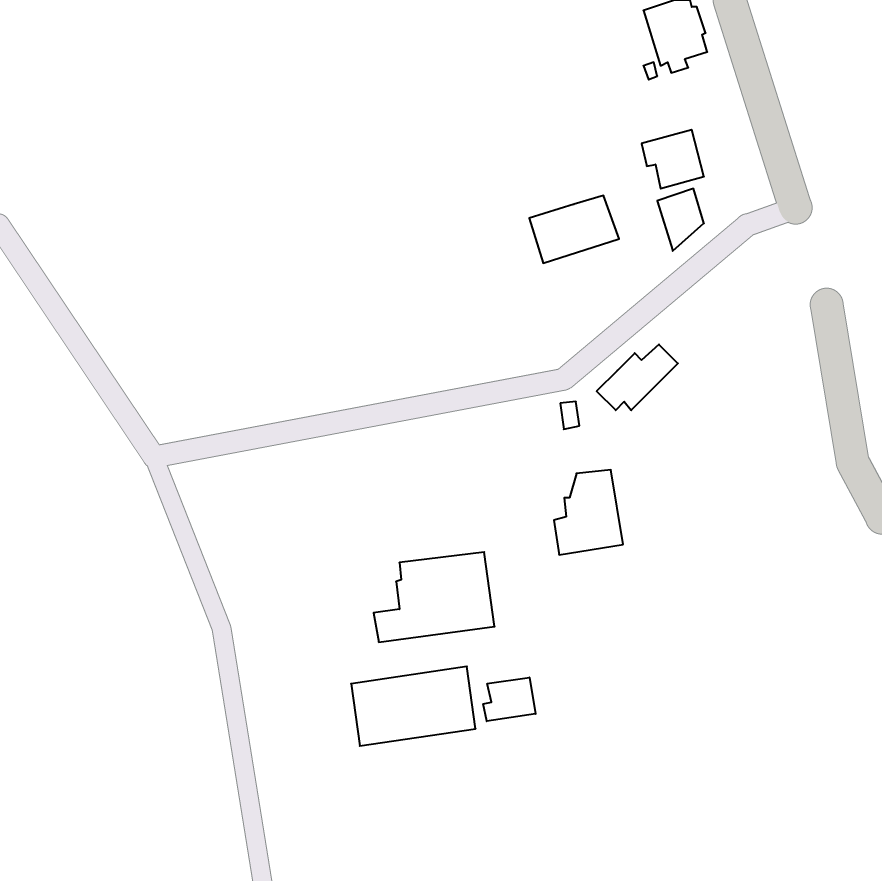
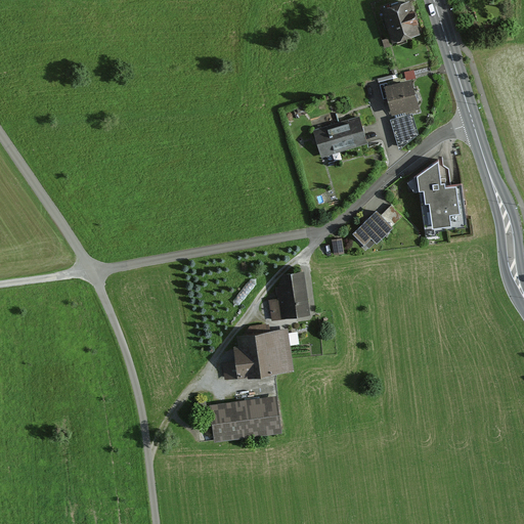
building: none -> [406,160,465,236]
building: [554,470,623,555] -> [269,271,310,321]
building: [483,677,536,721] -> none

